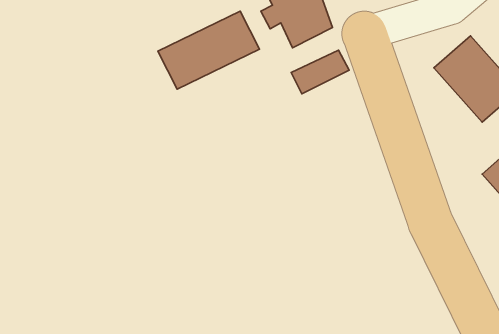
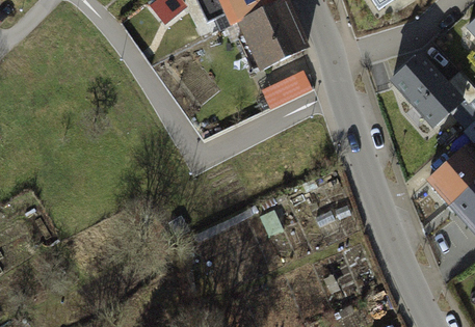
building: [158,11,259,89] -> none

